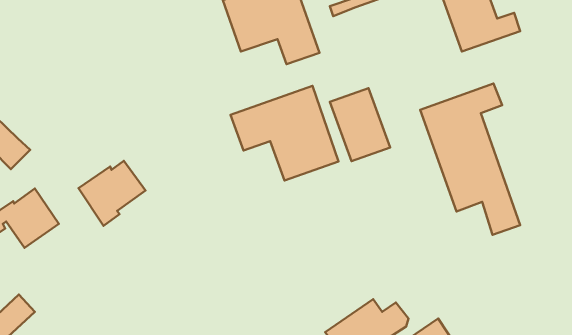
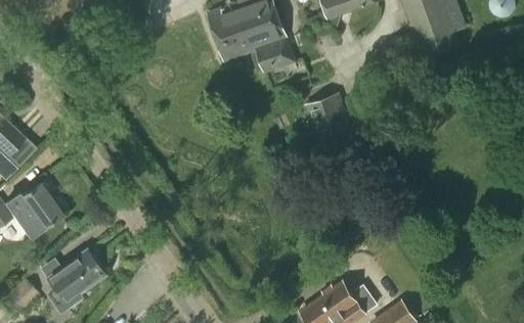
building: [420,83,520,235] -> none
building: [231,86,339,181] -> none
building: [78,161,146,226] -> [44,248,104,307]

